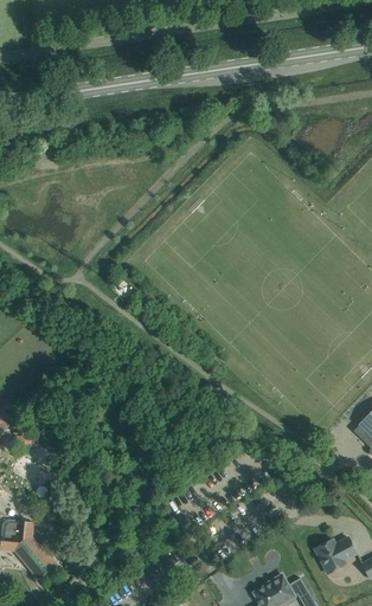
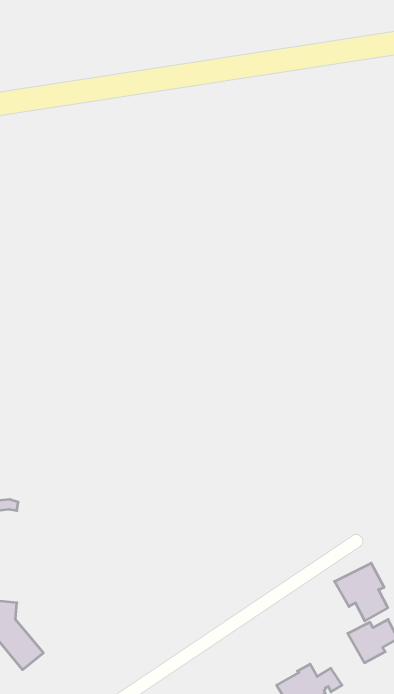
building: none -> [334,563,388,621]

